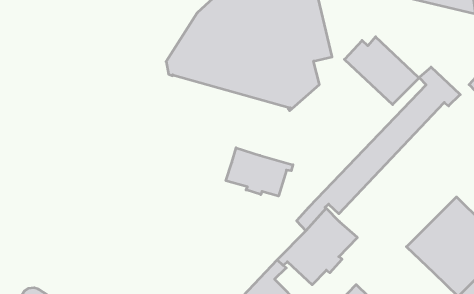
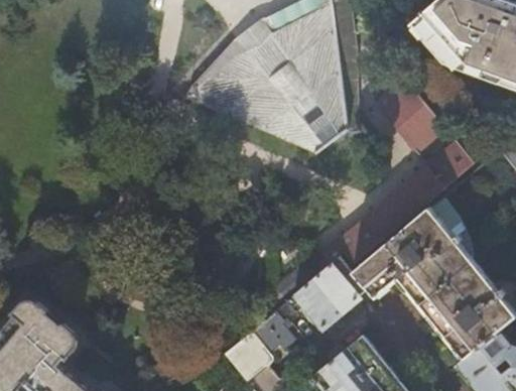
building: [226,148,293,196] -> none
building: none -> [352,206,473,303]

